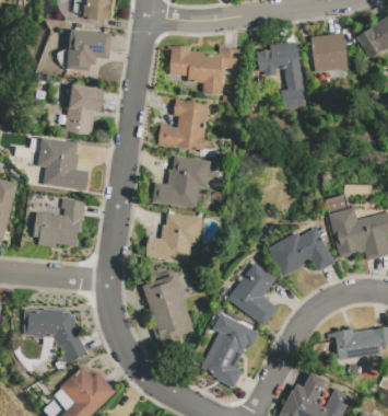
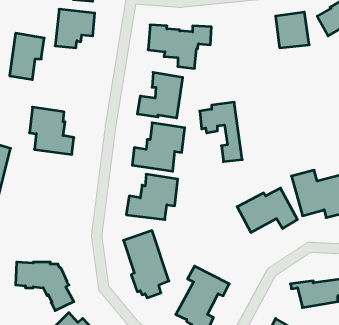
building: [257,42,304,107] -> [200,102,242,162]
building: [66,83,104,135] -> [10,33,44,80]
building: [33,198,85,246] -> none
building: [227,262,277,325] -> none

